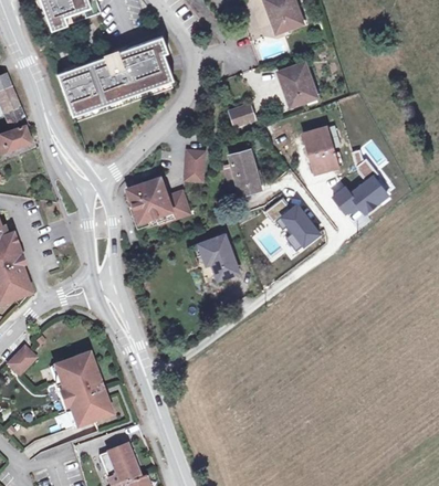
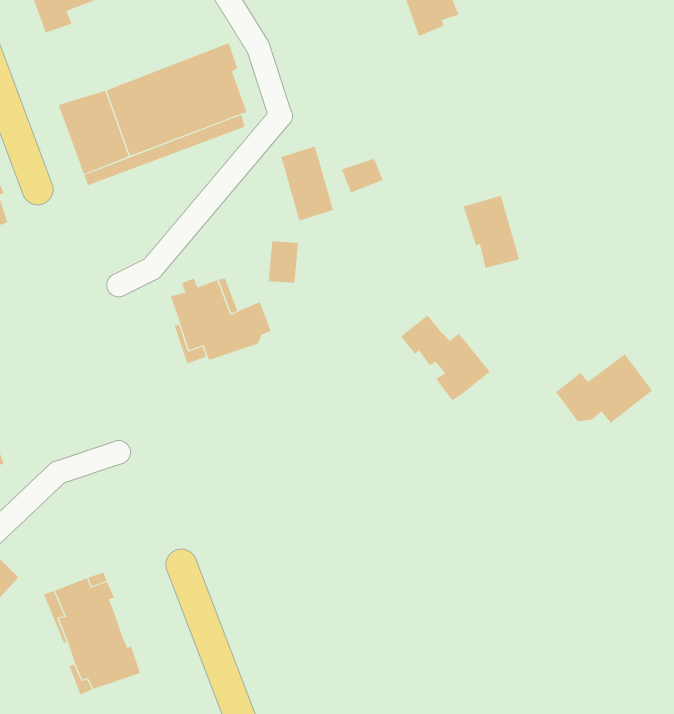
building: [279,62,315,104] -> none
building: [229,148,261,193] -> [281,146,334,221]
building: [332,173,390,215] -> [555,354,653,424]
building: [200,233,239,278] -> none

